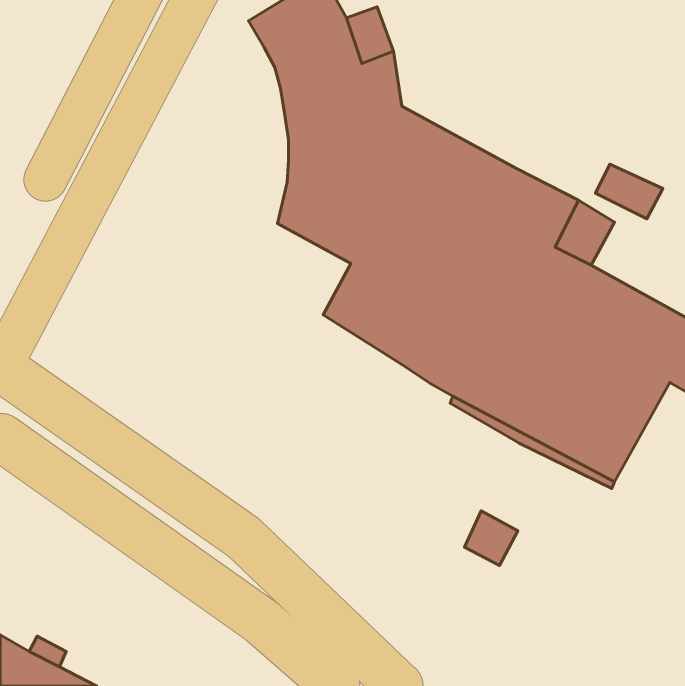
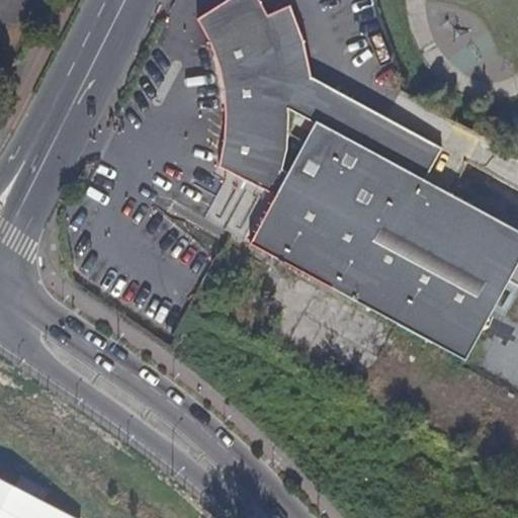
building: [596,164,663,219] -> none
building: [464,511,518,565] -> none

